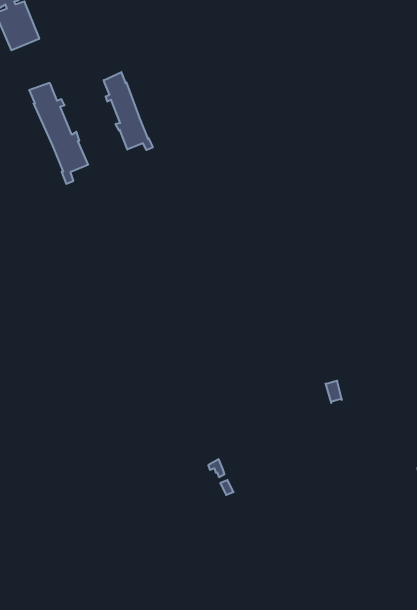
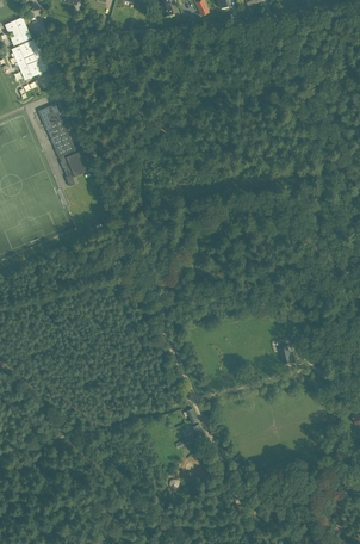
building: [104,72,153,150] -> none

